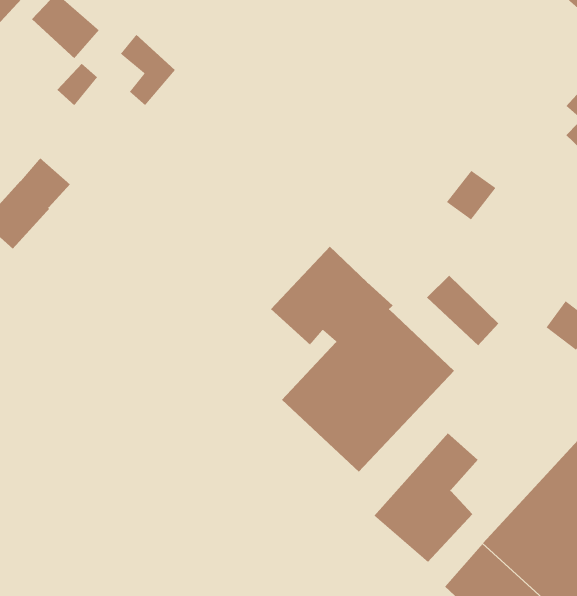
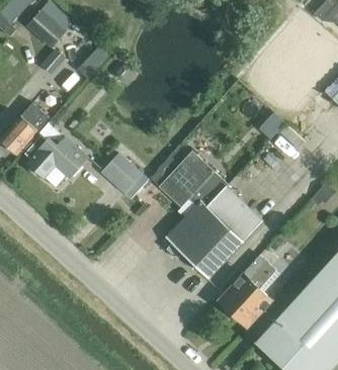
building: none -> [24,140,87,180]
building: none -> [103,157,141,194]
building: [426,275,499,346] -> none

